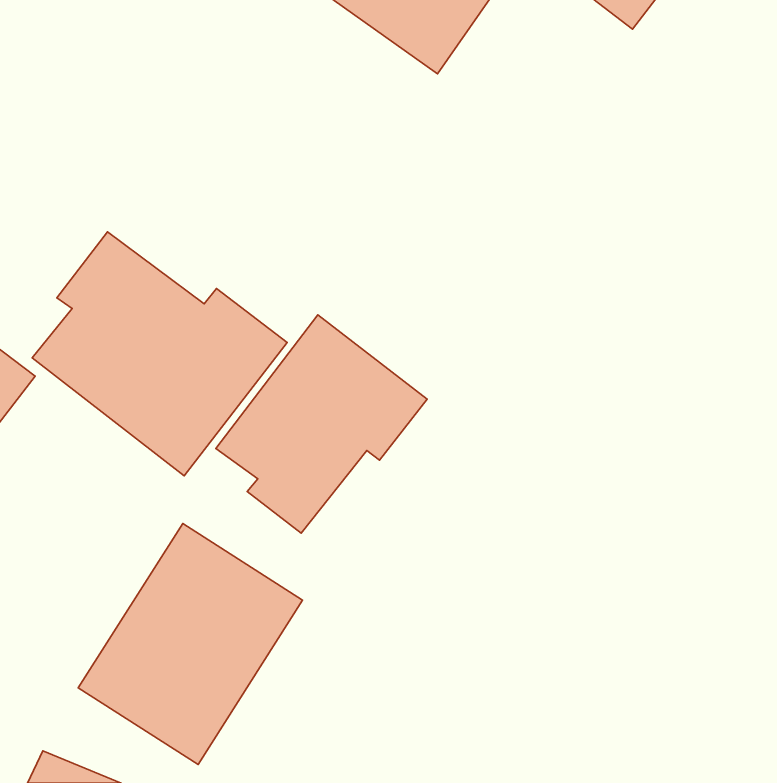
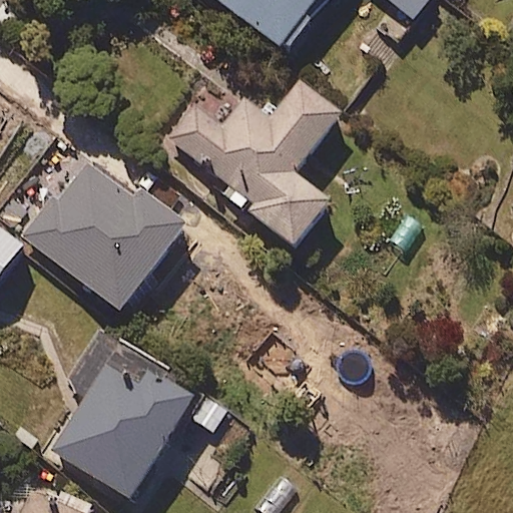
building: none -> [165,76,339,246]
building: [216,315,427,533] -> none

